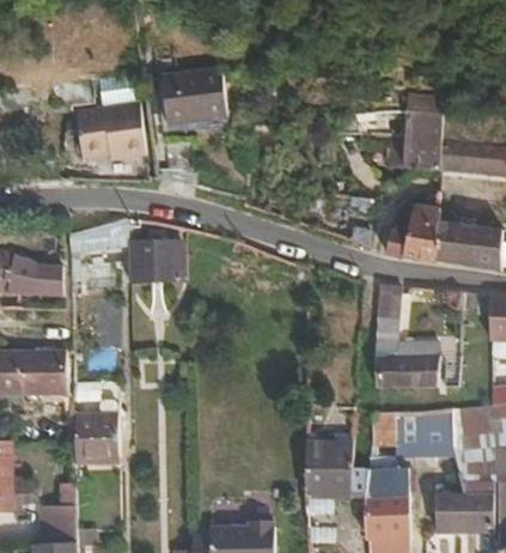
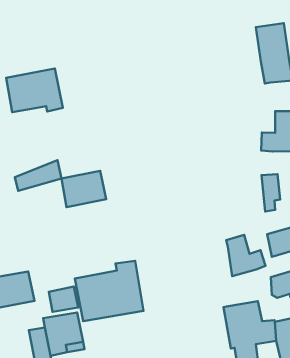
building: [171,72,236,126] -> none
building: none -> [226,235,265,276]
building: none -> [75,261,144,321]

